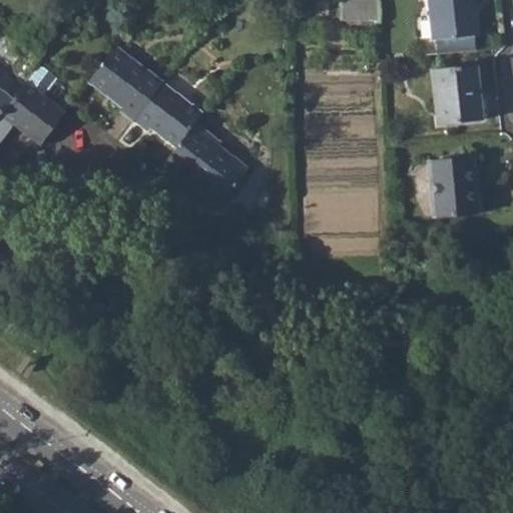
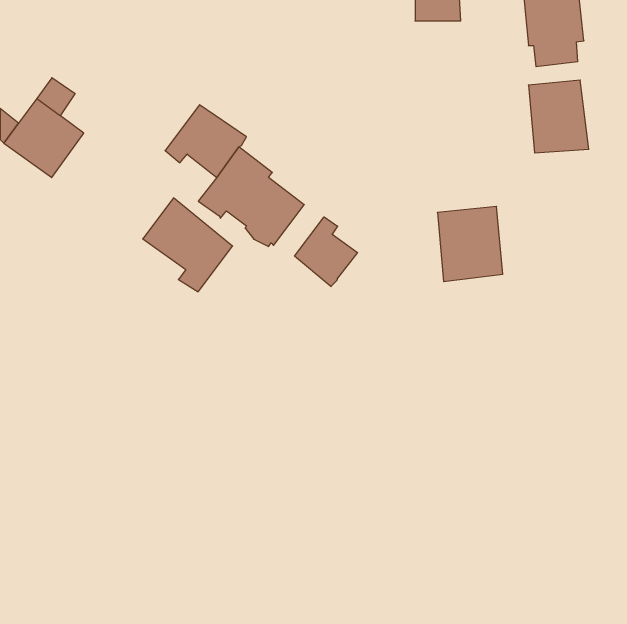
building: [91,46,164,122] -> [143,198,233,292]
building: [423,156,476,217] -> [437,206,503,282]
building: none -> [295,217,358,287]

